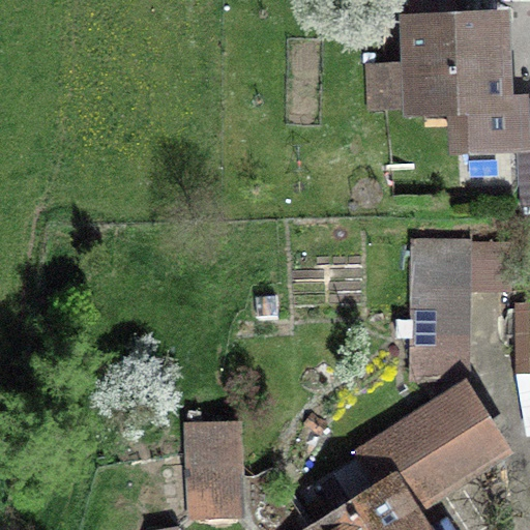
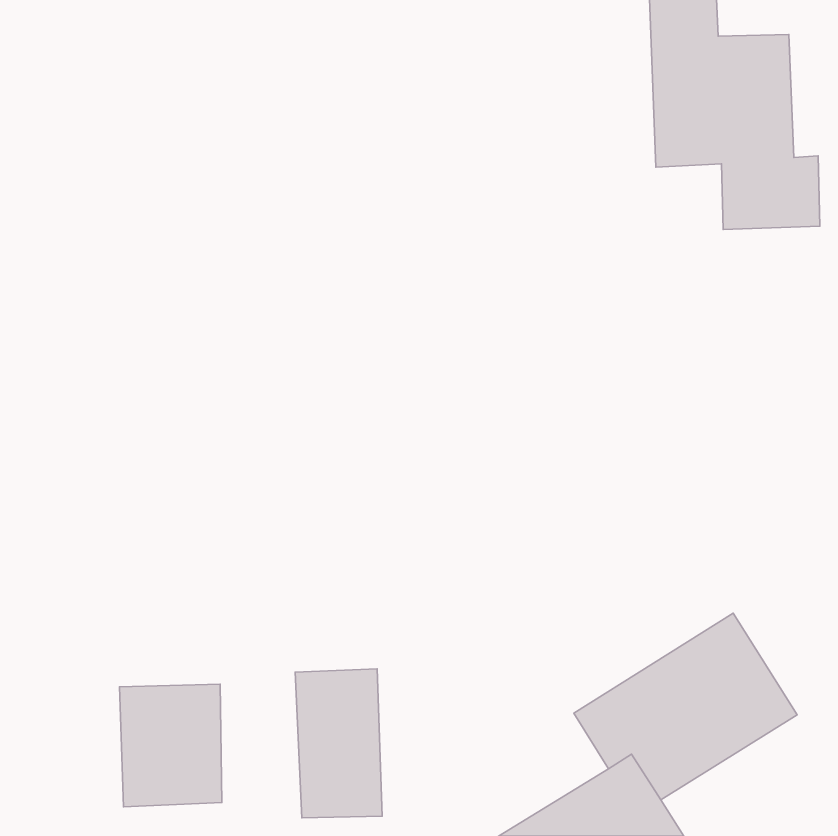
building: [411,239,460,379] -> none
building: none -> [119,684,222,807]

